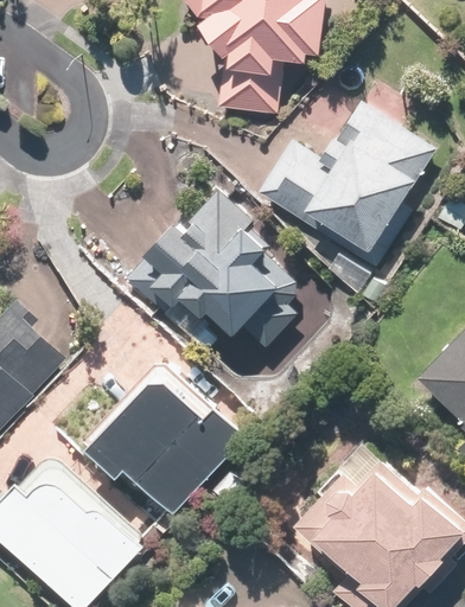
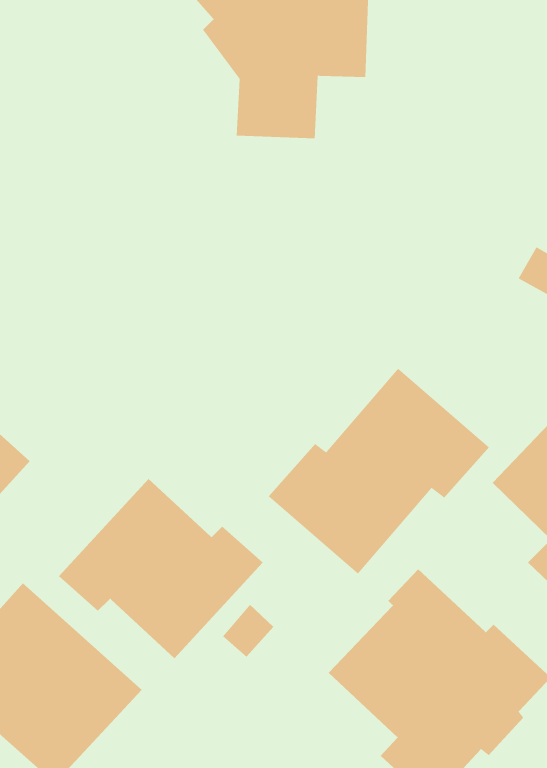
building: [262,98,439,258] -> none
building: [141,192,301,350] -> none
building: none -> [268,368,490,575]

